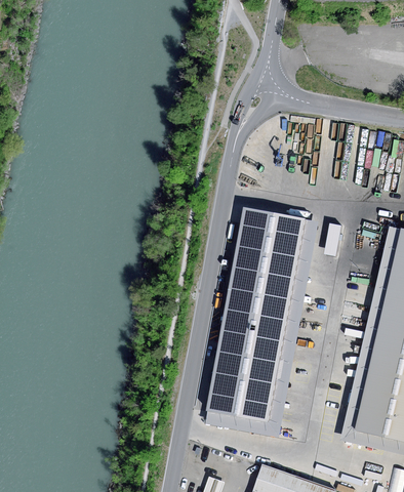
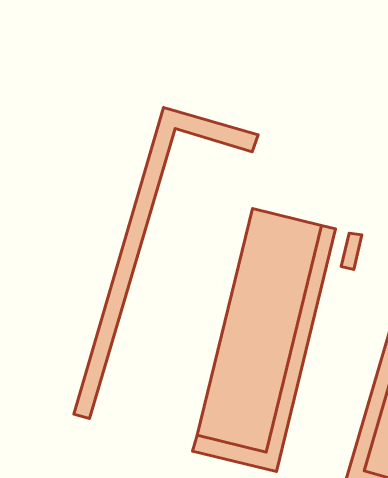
building: none -> [74,108,258,418]

